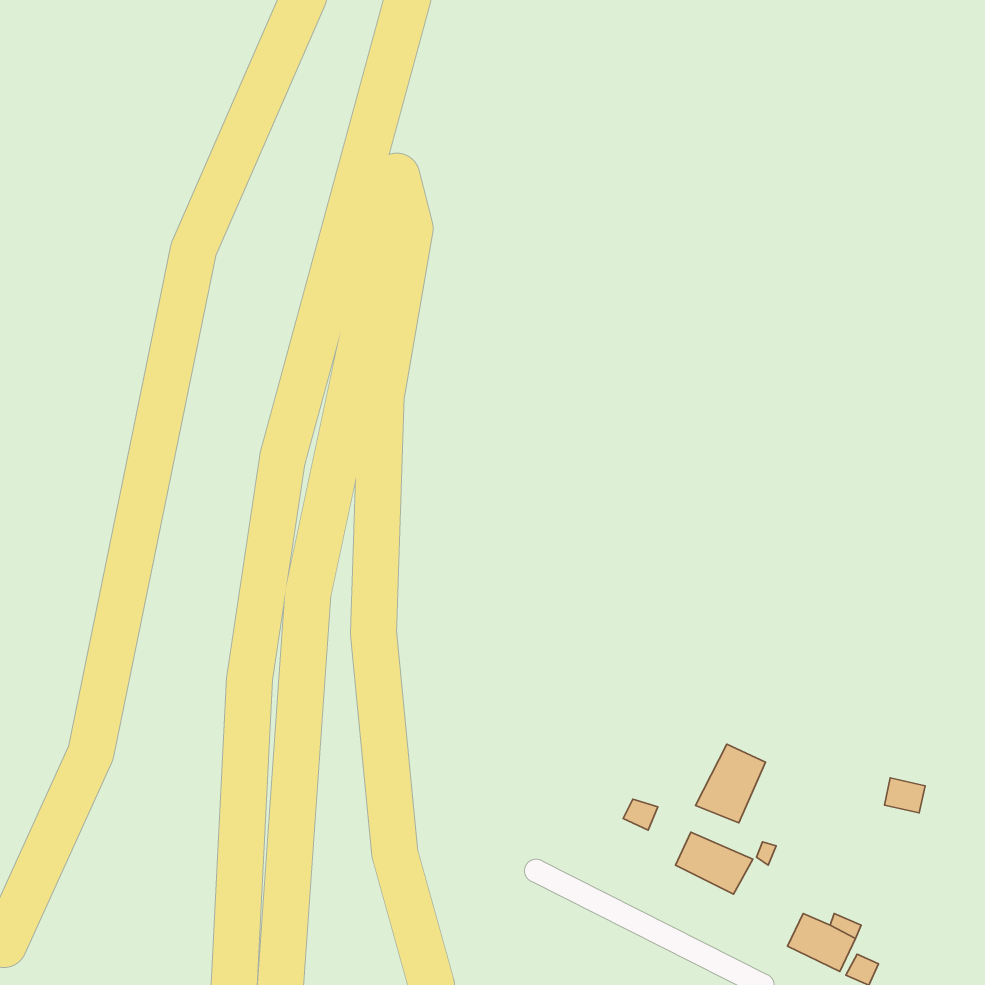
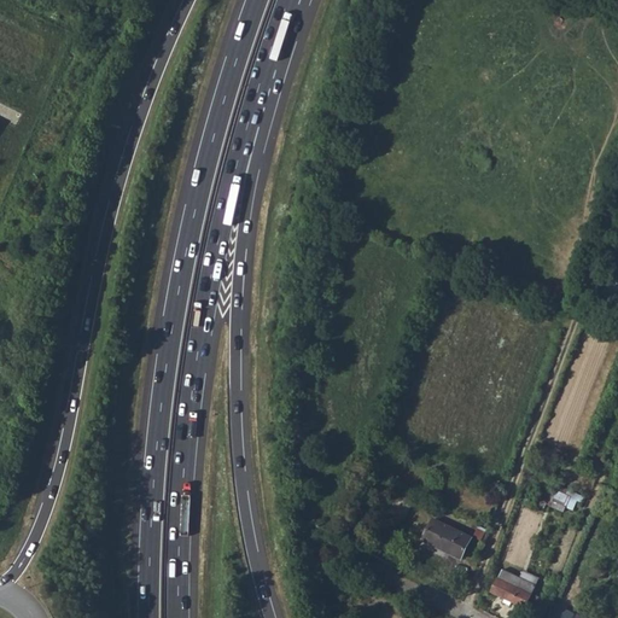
building: [695,744,765,823] -> none

